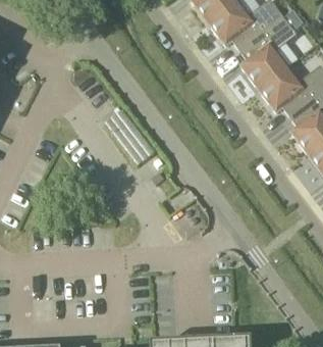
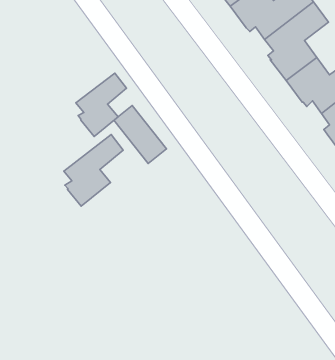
building: none -> [76,73,127,136]
building: none -> [64,135,123,206]

